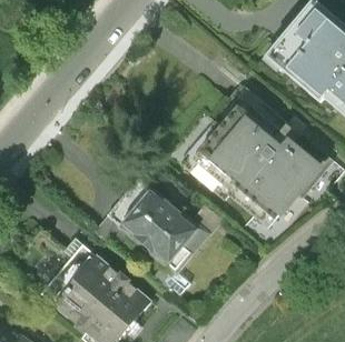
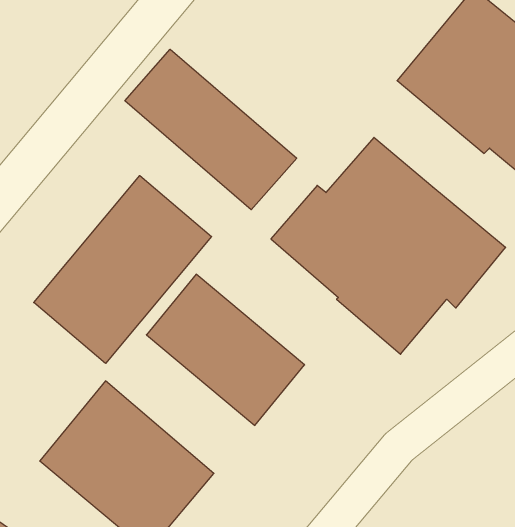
building: none -> [125,49,297,210]
building: none -> [34,176,212,363]

